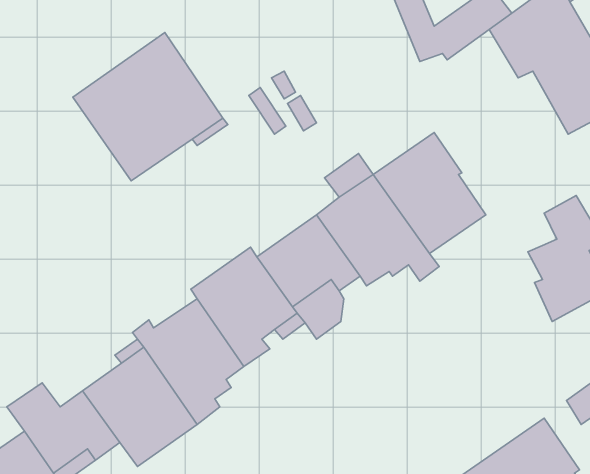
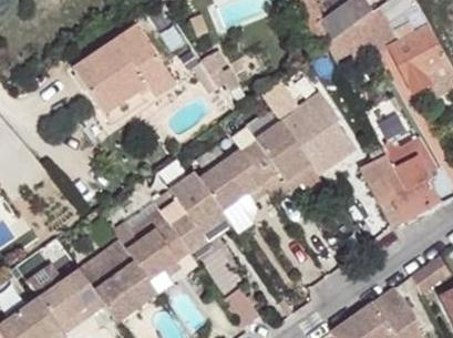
building: none -> [359,155,401,227]

